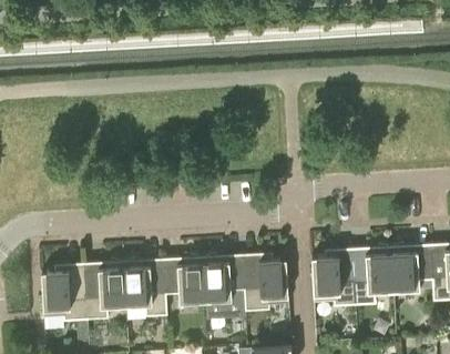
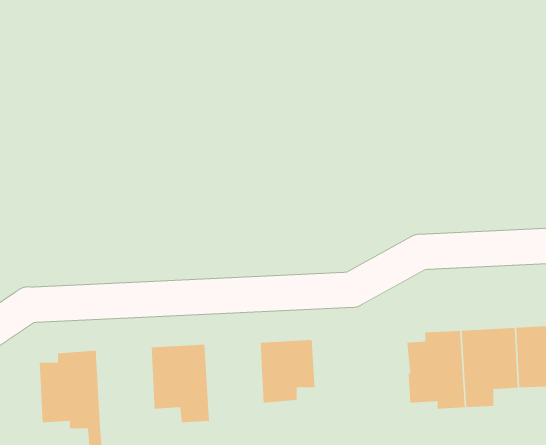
building: [242,254,288,313] -> none
building: [163,259,205,316] -> none
building: [83,262,125,321] -> none

